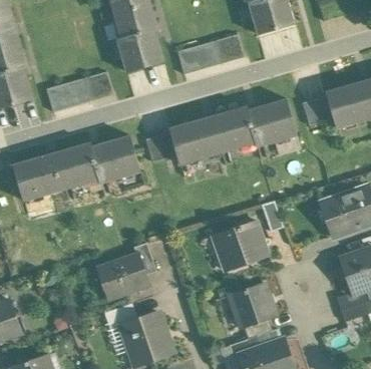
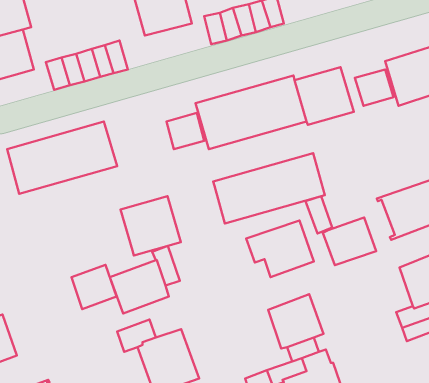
building: [93,131,143,180] -> [120,196,181,255]
building: none -> [213,153,325,224]
building: none -> [323,217,376,265]
building: none -> [71,265,116,309]

